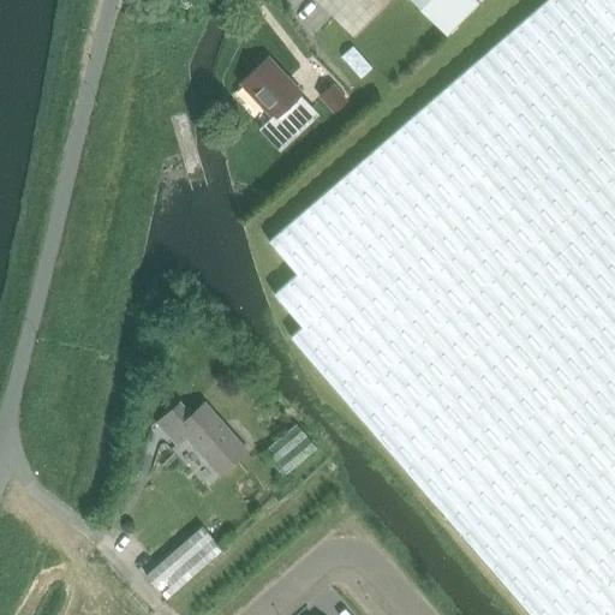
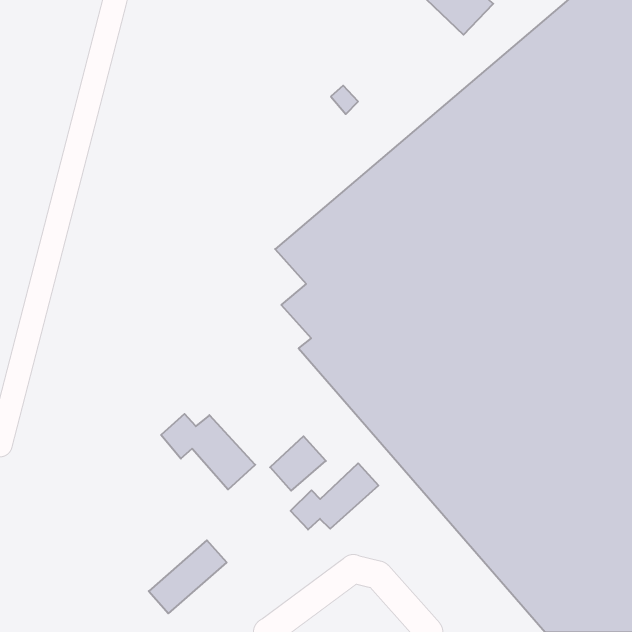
building: [243,56,320,145] -> none
building: none -> [291,463,378,530]

